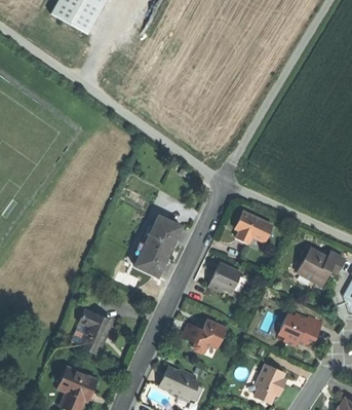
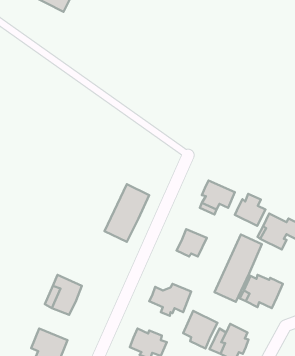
building: none -> [235,194,265,226]
building: none -> [215,235,262,302]
building: none -> [183,311,217,348]

